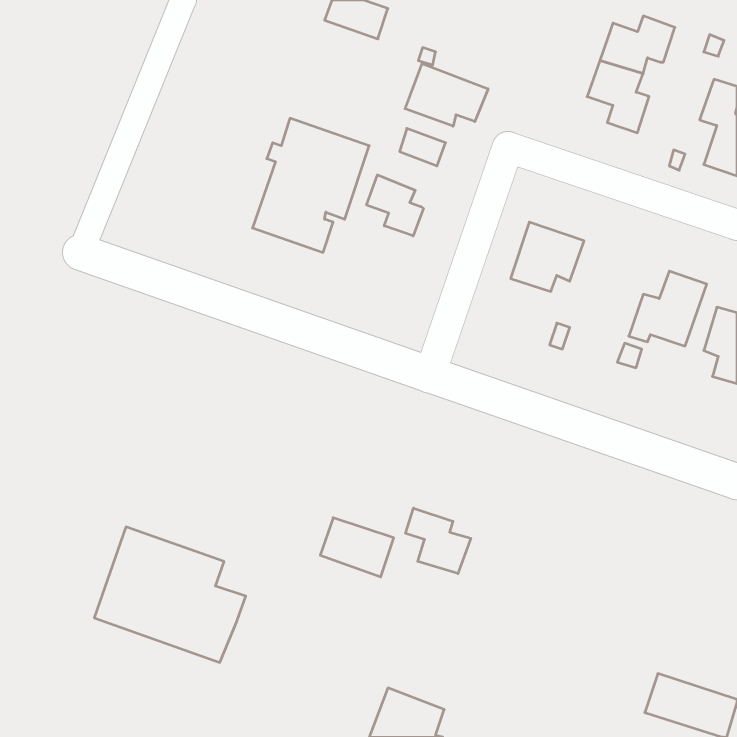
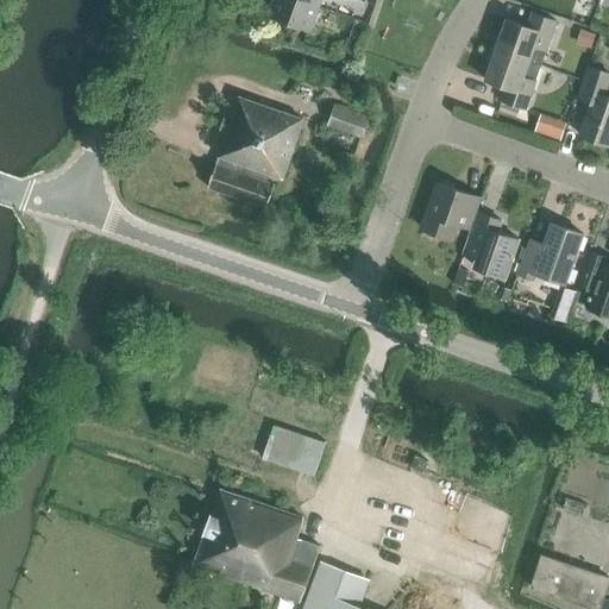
building: [405,64,488,126] -> none
building: [367,175,423,236] -> none
building: none -> [464,213,520,280]
building: [406,508,471,574] -> none
building: [94,527,246,662] -> [196,489,321,601]

